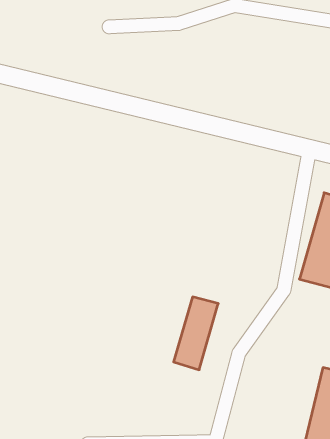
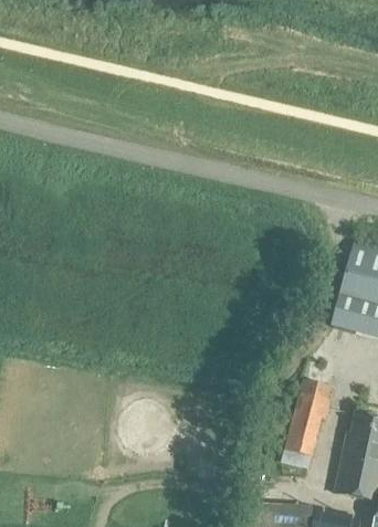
building: [174,297,218,370] -> [285,389,329,461]

